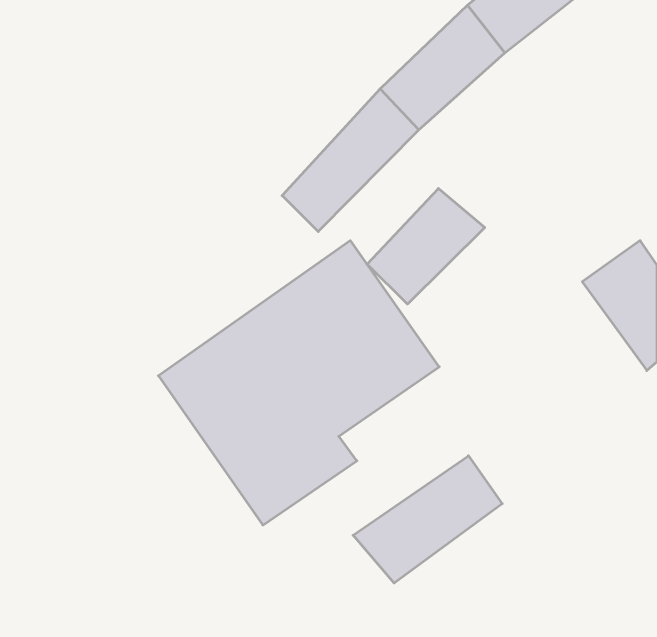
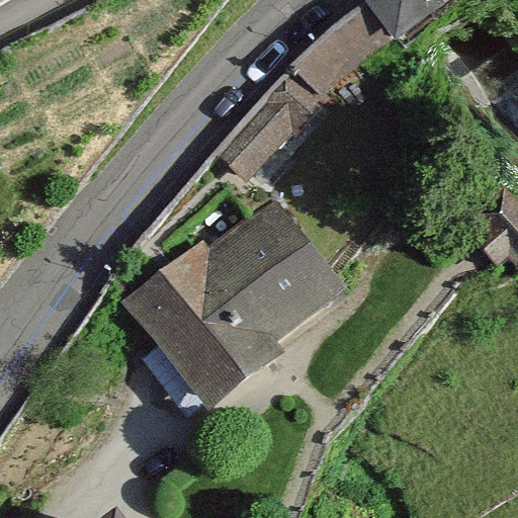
building: [367,188,485,304] -> none
building: [353,456,502,583] -> none

